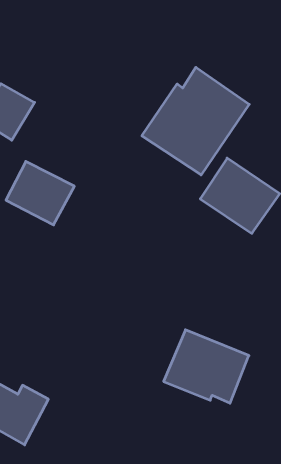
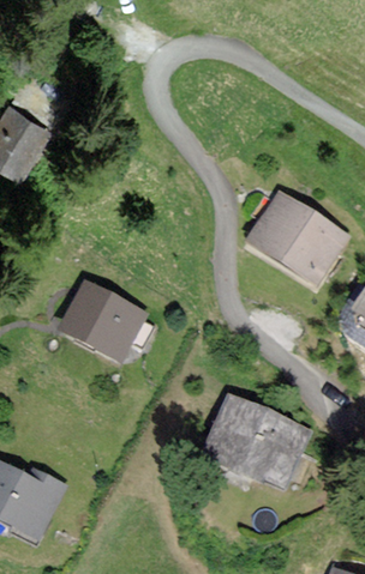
building: [142,67,249,175] -> none
building: [6,161,74,225] -> [61,283,144,359]

